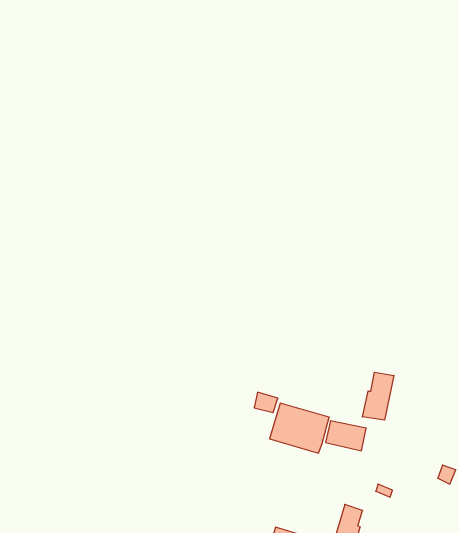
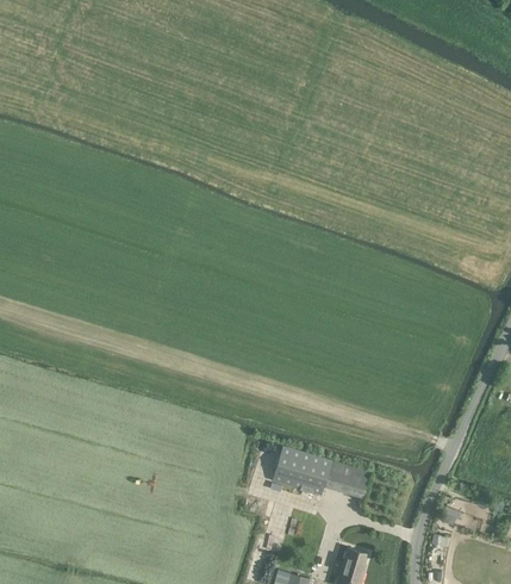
building: [362,372,394,420] -> none

